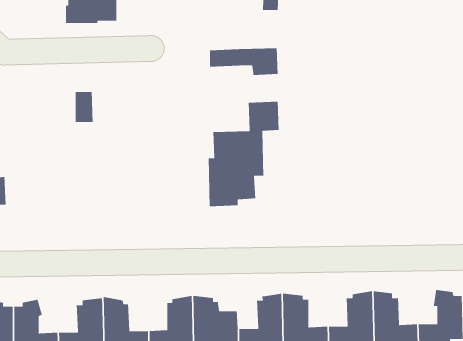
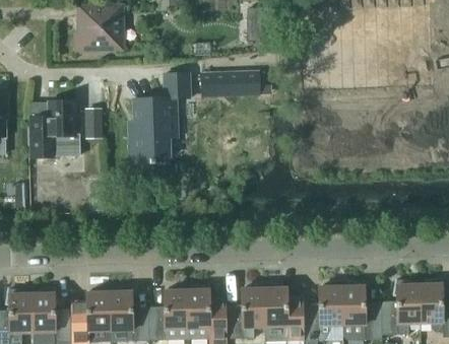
building: none -> [30,100,80,157]
building: [208,101,280,207] -> [129,72,191,163]

